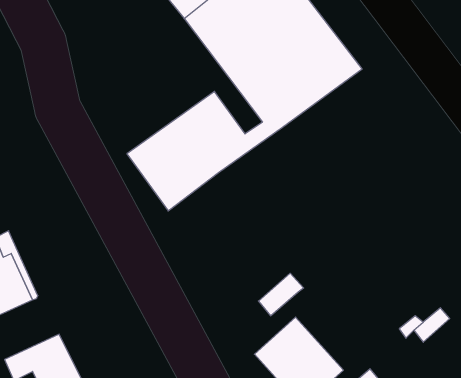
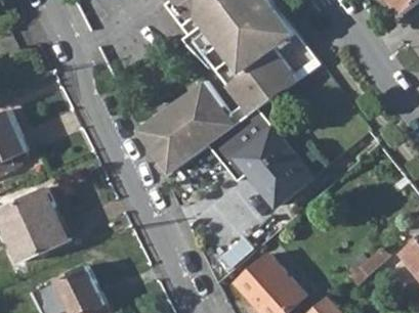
building: none -> [207,107,311,206]

